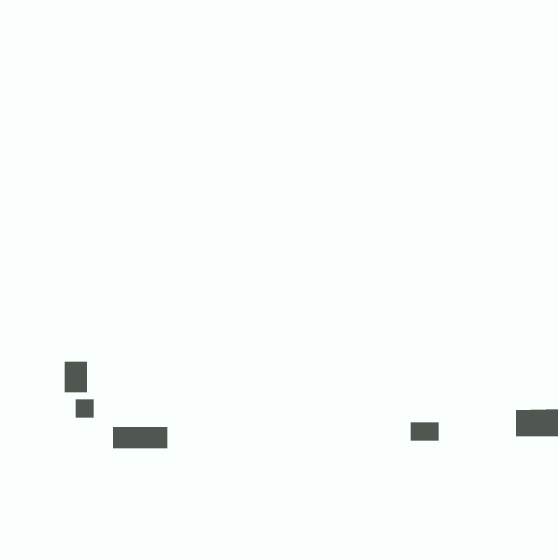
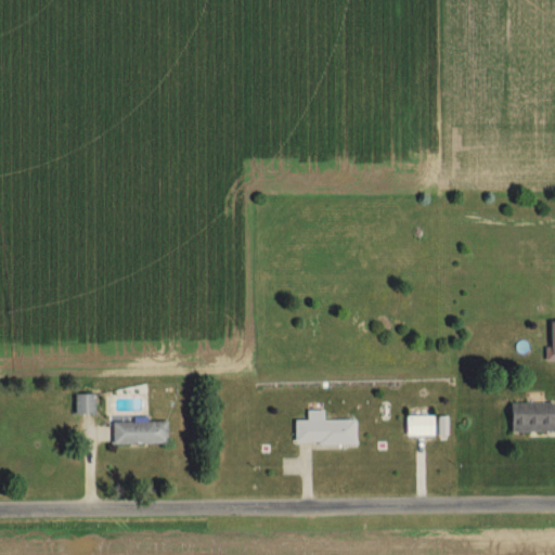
building: [64,361,88,393] -> none
building: none -> [296,411,357,443]

